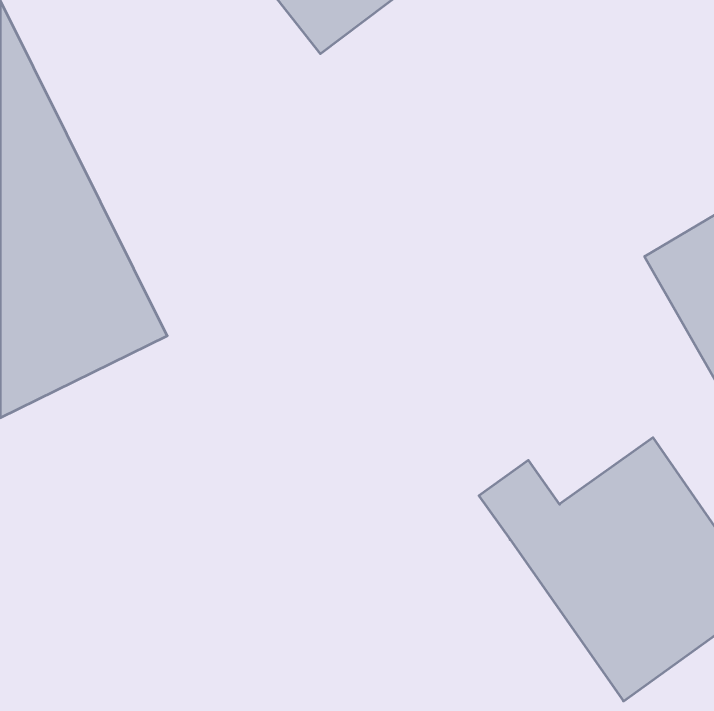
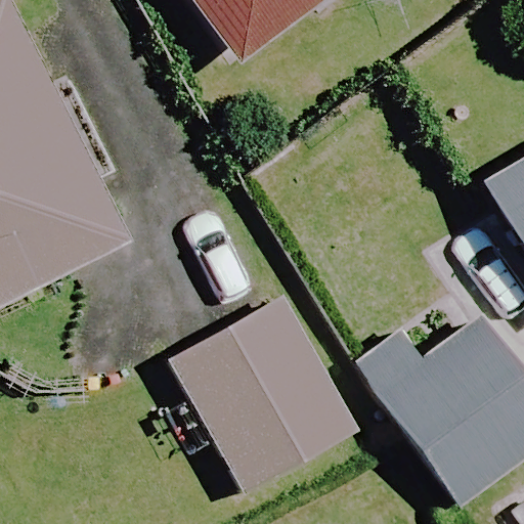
building: none -> [170,299,359,493]

